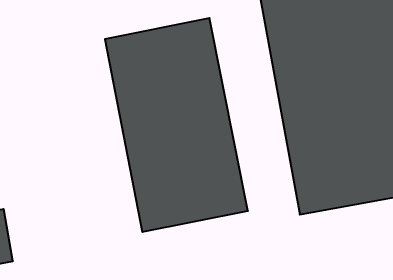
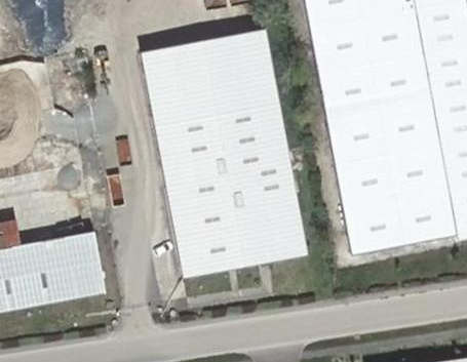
building: none -> [20,237,101,308]

